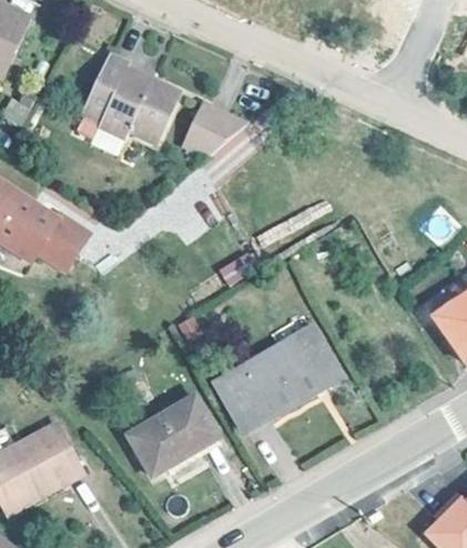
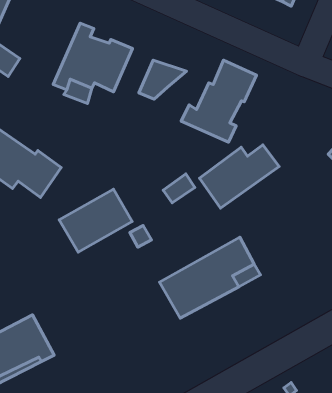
building: none -> [181,60,257,142]
building: none -> [199,145,279,208]
building: [126,392,216,469] -> [59,189,132,252]

